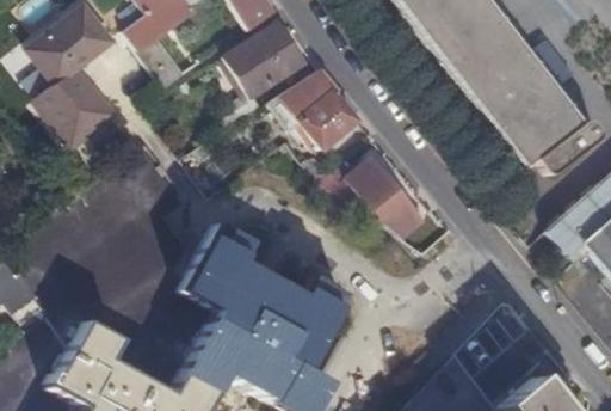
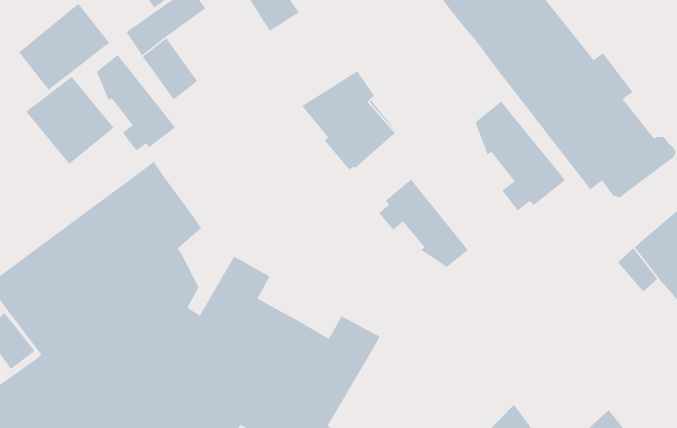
building: [224,24,306,99] -> none
building: none -> [96,54,176,152]
building: none -> [474,101,566,211]

